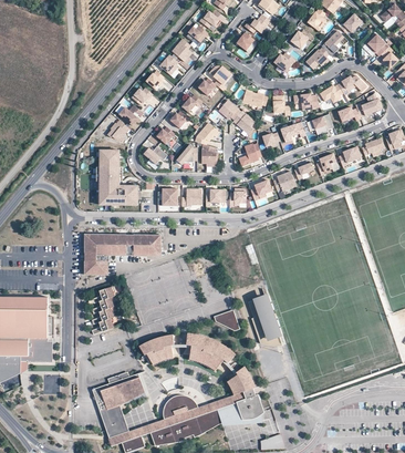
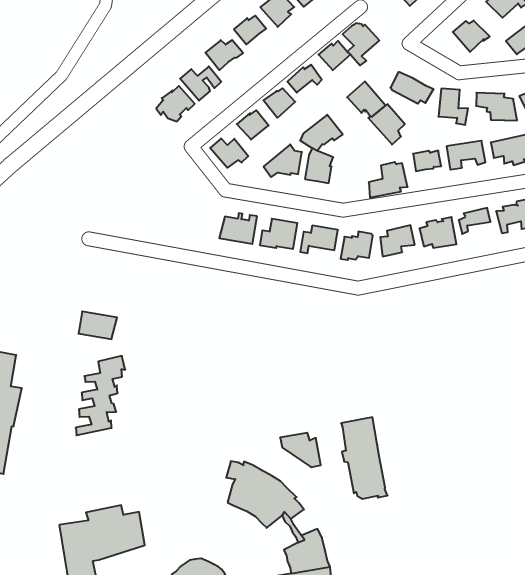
building: [100,150,138,204] -> none
building: [84,235,125,253] -> none
building: [133,235,160,253] -> none
building: [138,334,174,364] -> none

